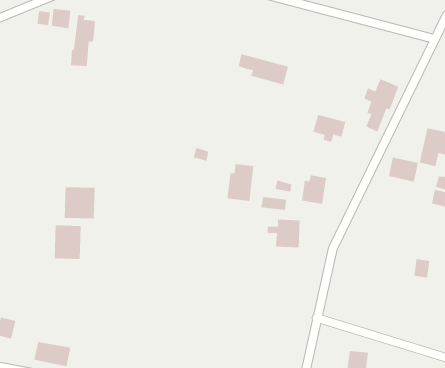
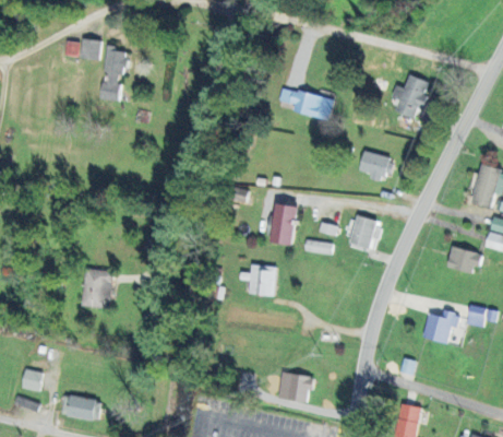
building: [363,78,399,133] -> [392,74,430,132]
building: [388,157,419,182] -> [447,247,480,274]
building: [64,186,95,219] -> none
building: [267,219,301,248] -> [240,264,276,295]
building: none -> [422,310,460,344]
building: none -> [277,371,314,403]

